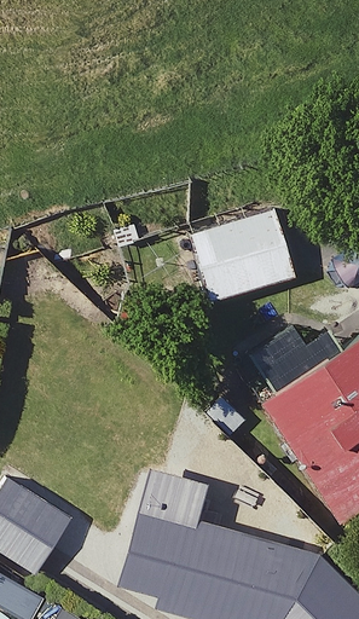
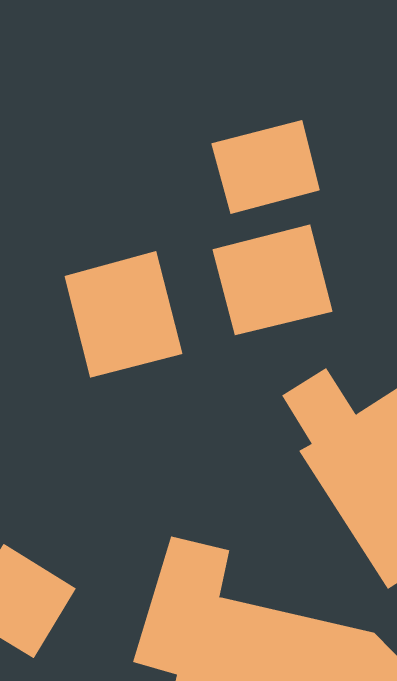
building: none -> [210,119,321,215]
building: none -> [64,250,183,378]

